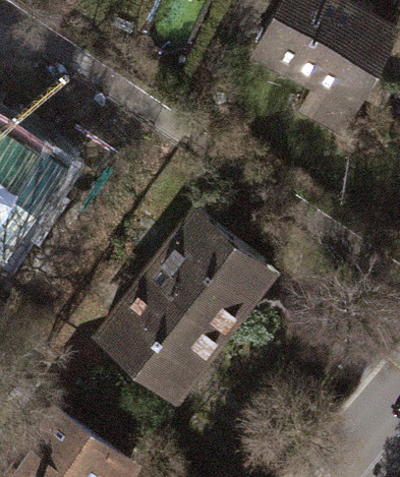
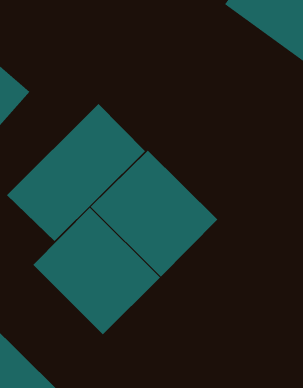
building: none -> [6,103,146,242]

